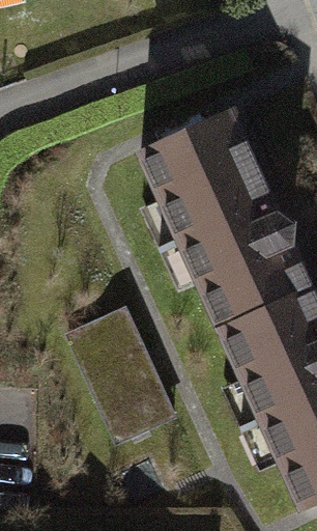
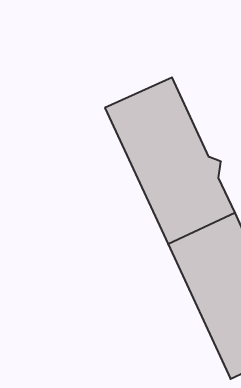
building: [68,305,182,445] -> none

